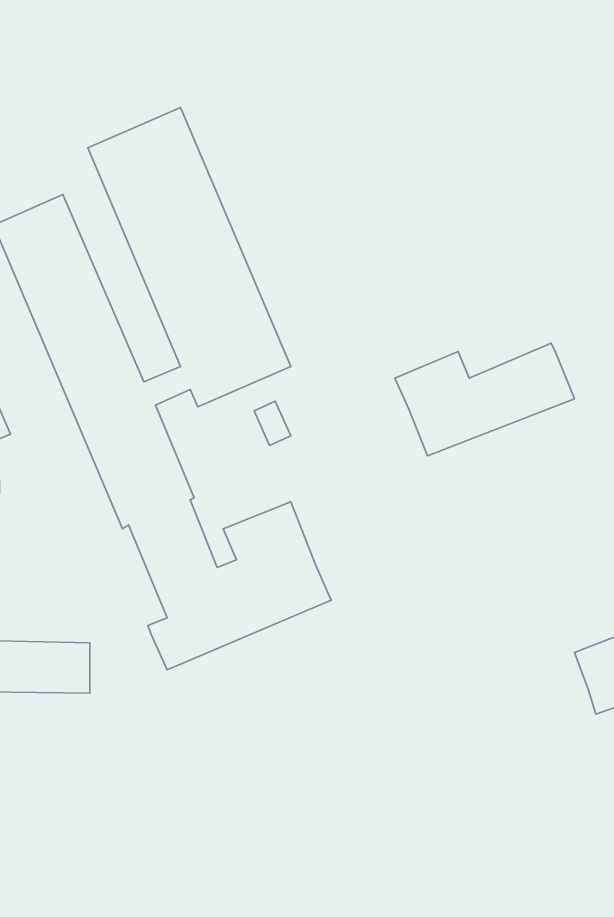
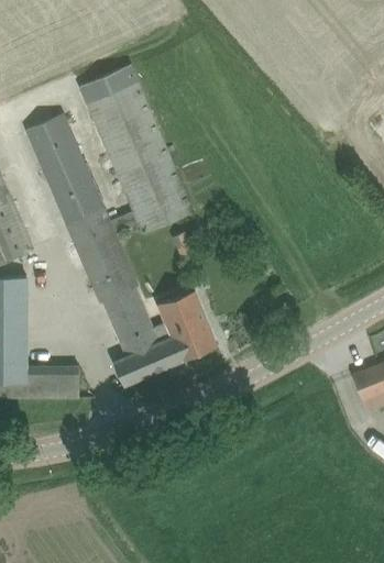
building: [395,343,574,456] -> none

